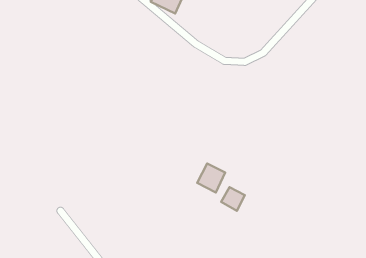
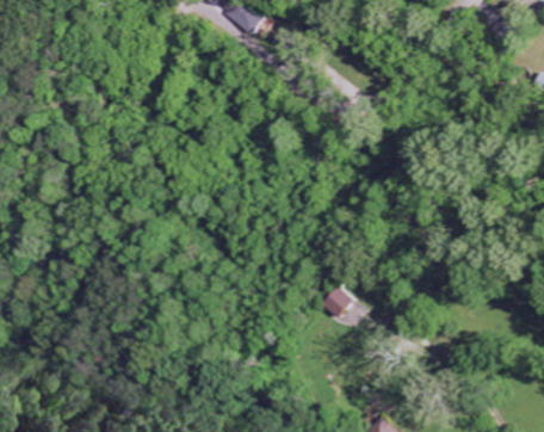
building: [197,164,225,192] -> none

